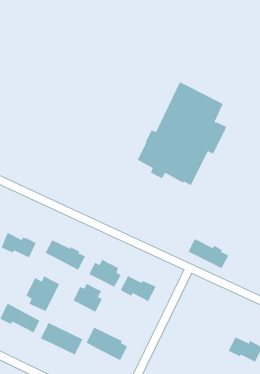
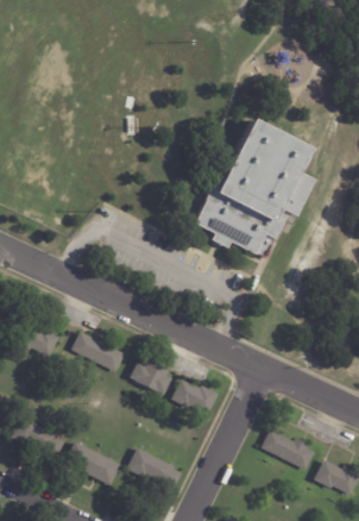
building: [188,238,229,269] -> [260,429,315,470]
building: [26,275,60,312] -> none
building: [73,283,103,313] -> none

